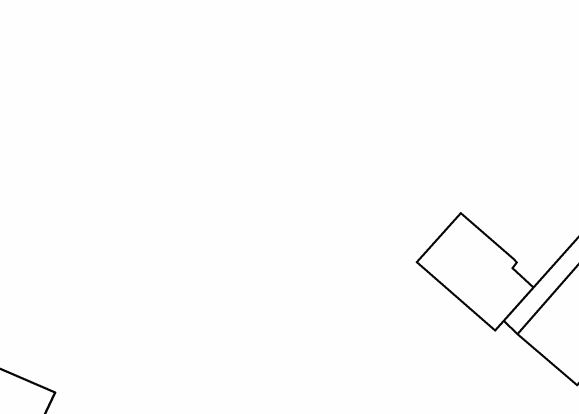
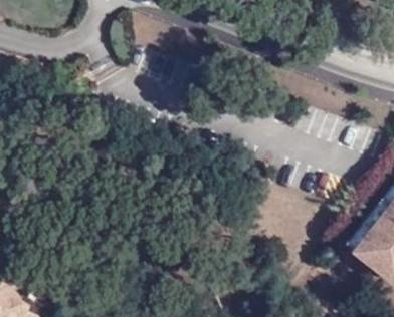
building: [417,213,534,331] -> none

